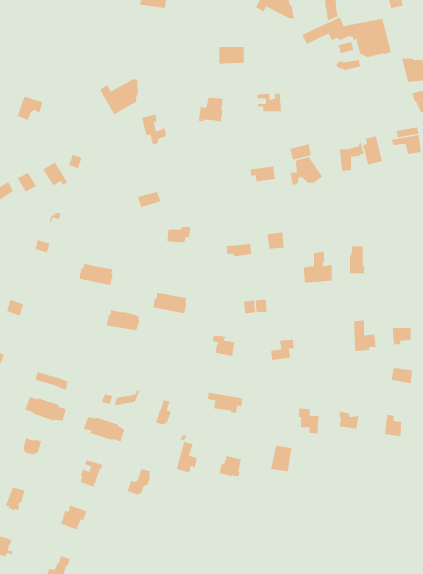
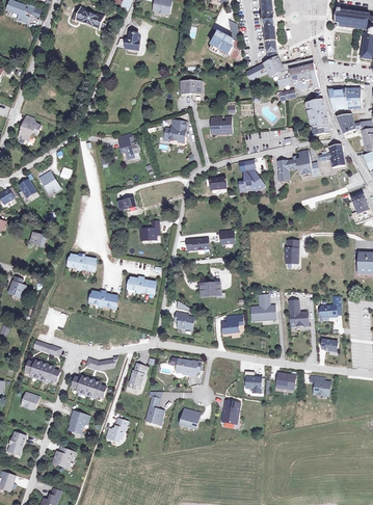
building: none -> [305,99,329,128]
building: [99,79,138,115] -> none
building: [303,251,333,284] -> [250,293,274,319]

